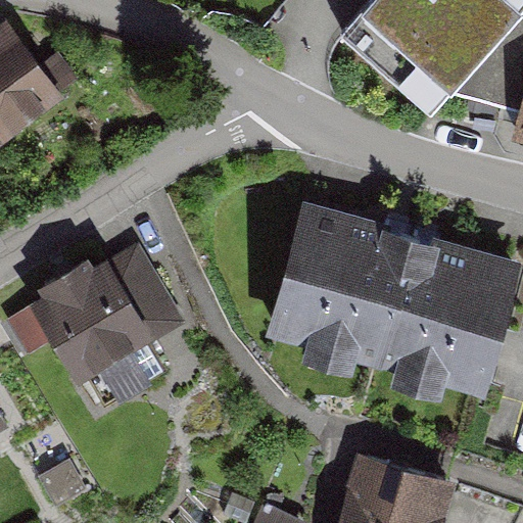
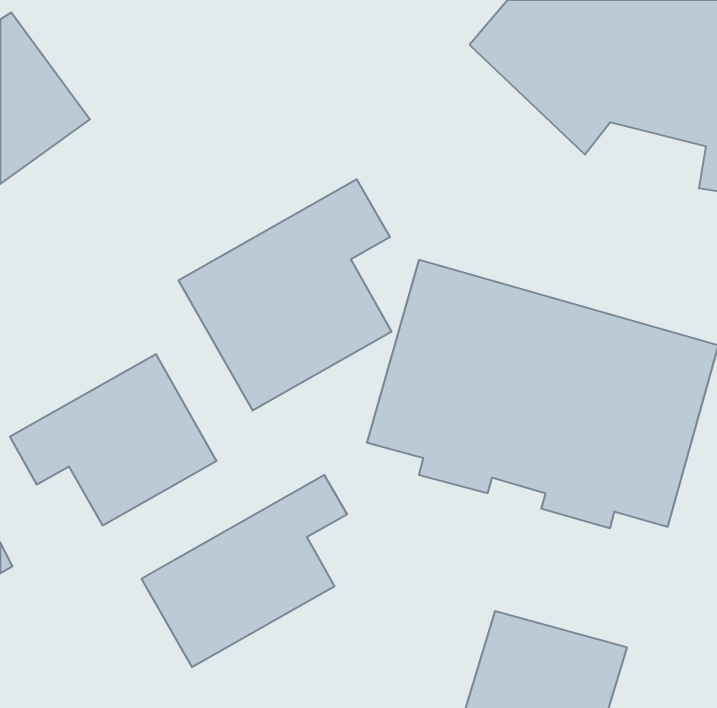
building: none -> [179,179,391,411]
building: none -> [142,475,347,667]

